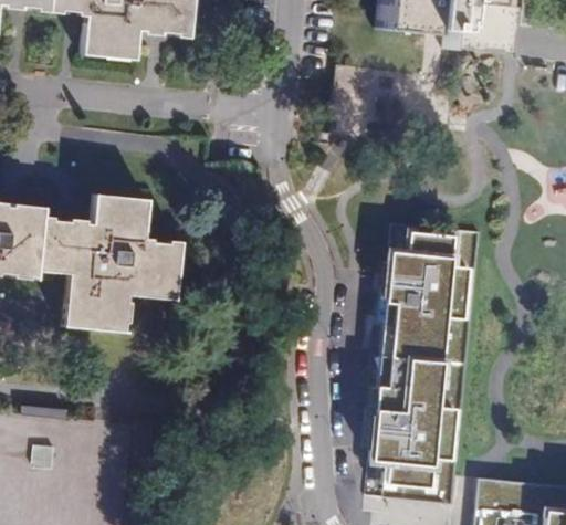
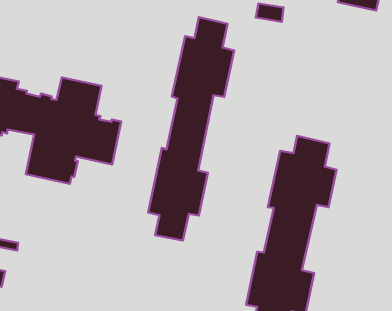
building: none -> [148,17,234,240]

